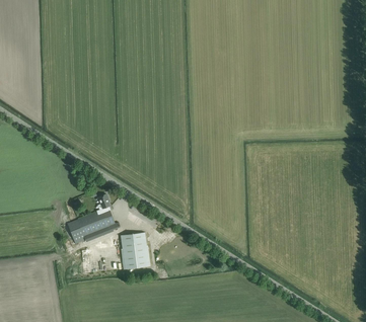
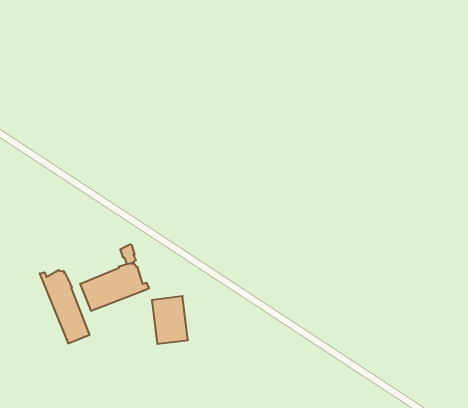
building: none -> [40,270,89,344]

